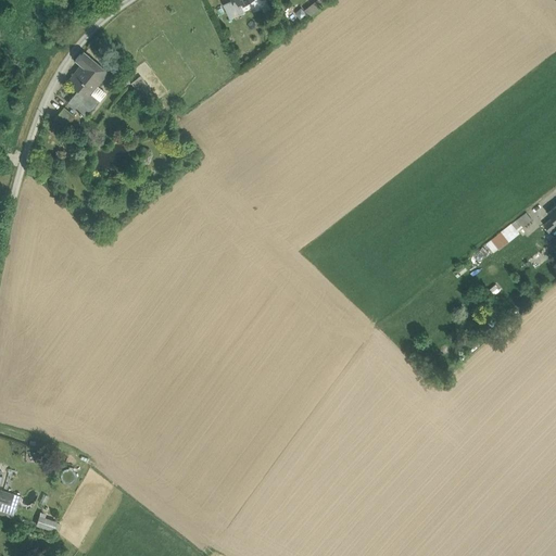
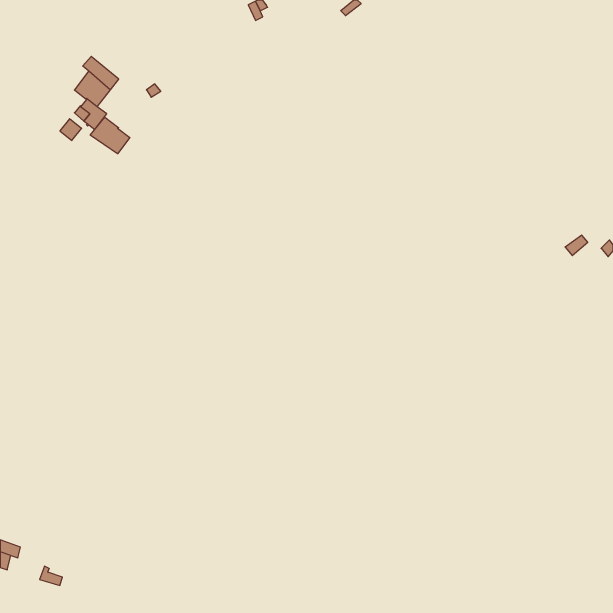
building: none -> [90,117,130,154]

